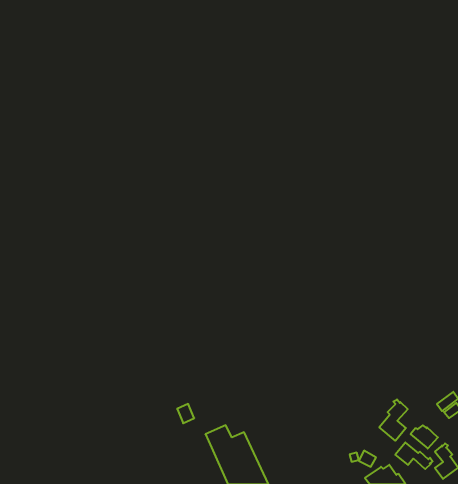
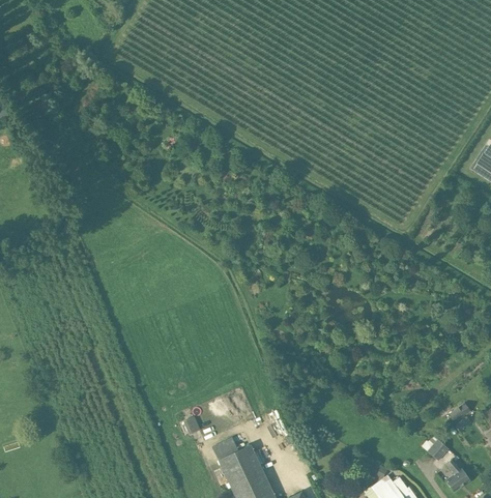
building: [379,399,408,441] -> none
building: [395,442,433,469] -> none

